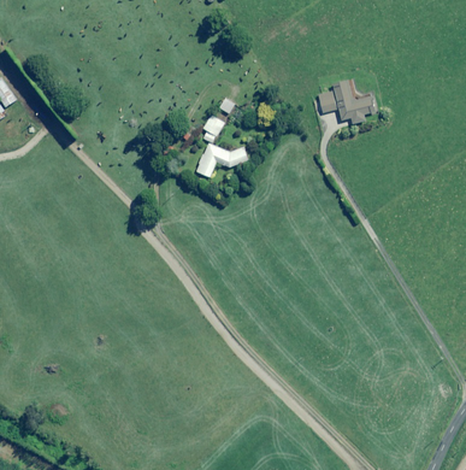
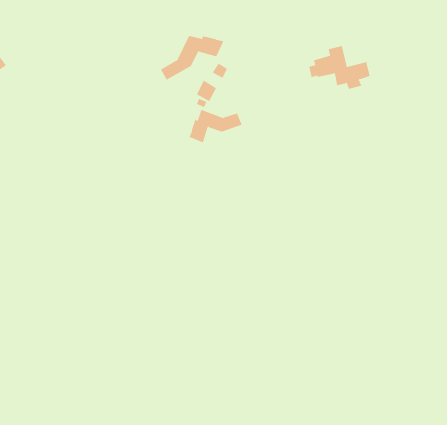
building: none -> [160,35,224,81]

